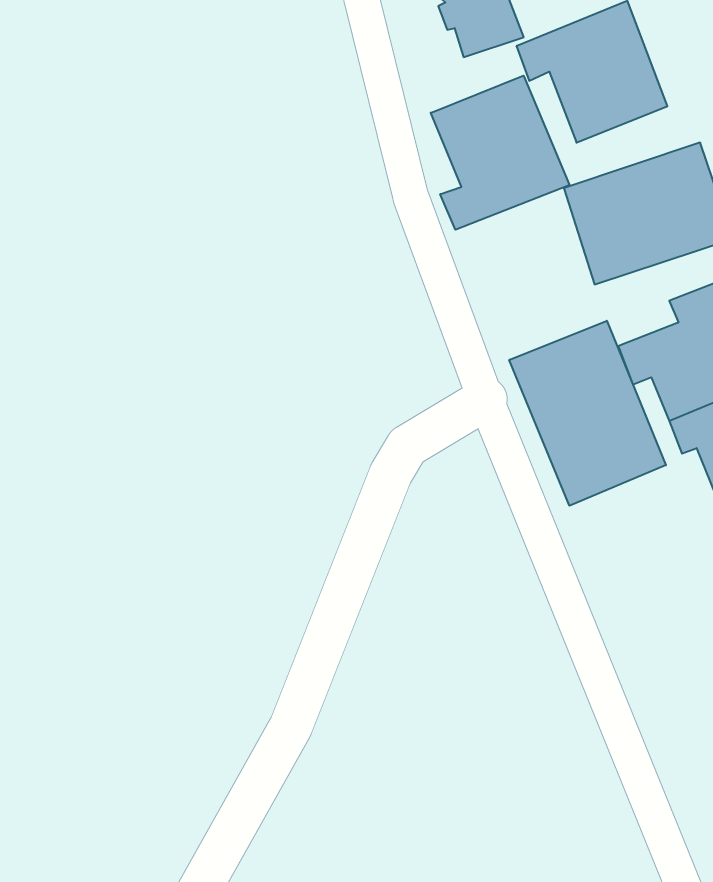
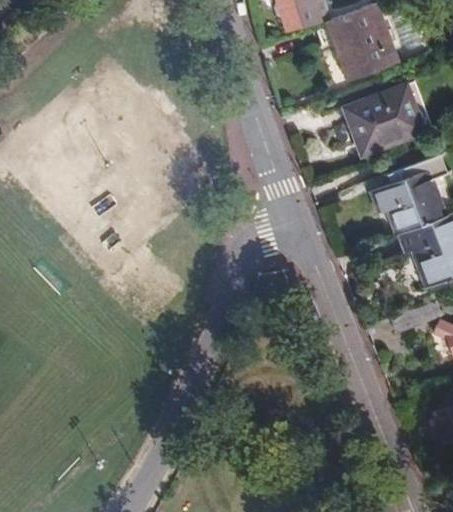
building: [431,76,570,230] -> none
building: [509,321,666,506] -> none

